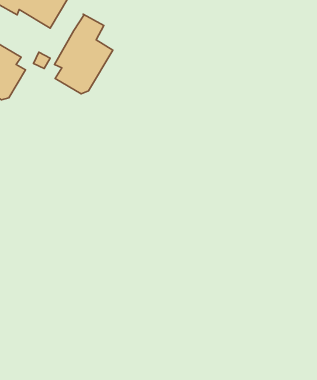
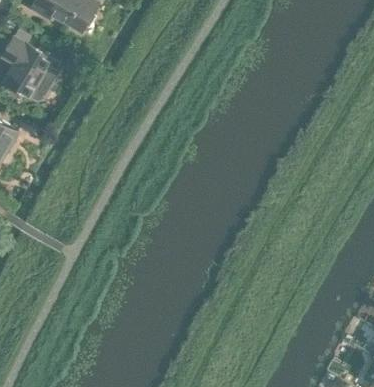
building: [54,14,113,94] -> none

